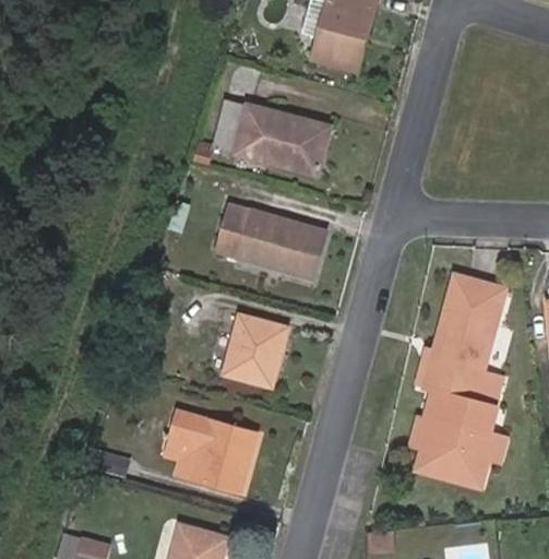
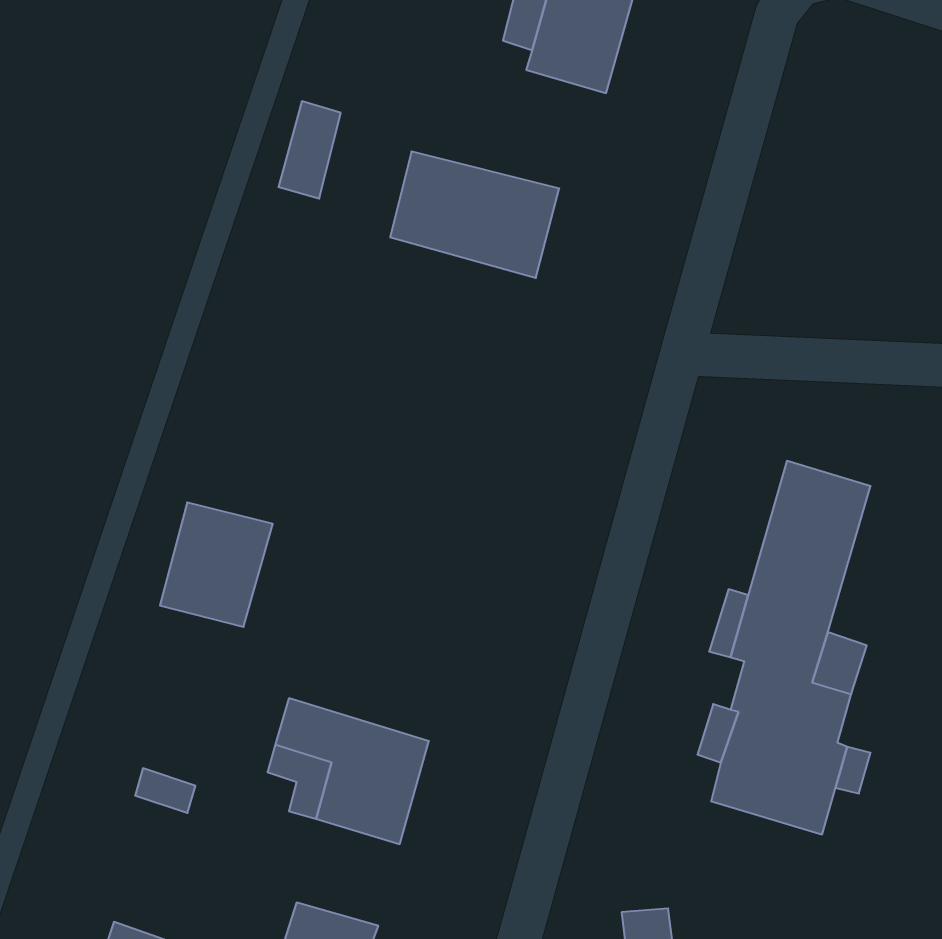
building: [213,97,248,152] -> [278,101,341,199]
building: [216,204,324,276] -> none
building: [226,316,289,385] -> [160,502,273,627]

